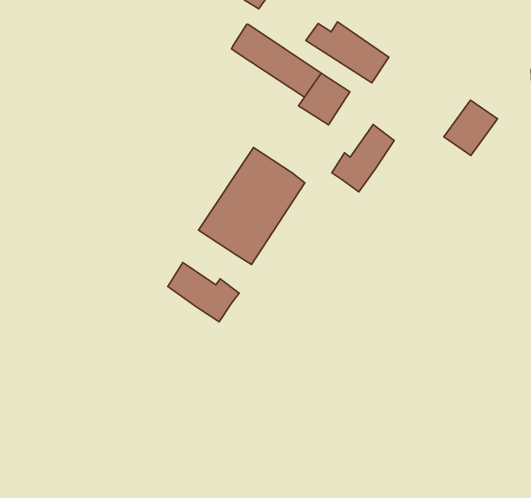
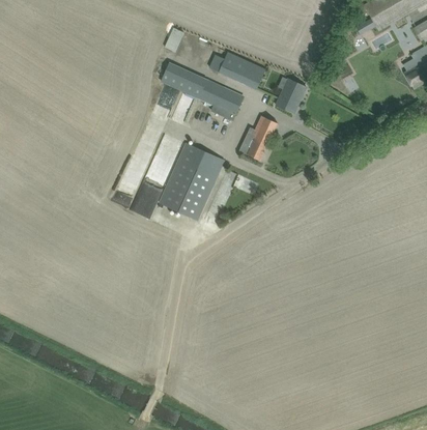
building: [444,100,498,156] -> [274,77,307,113]
building: [168,262,239,322] -> none

